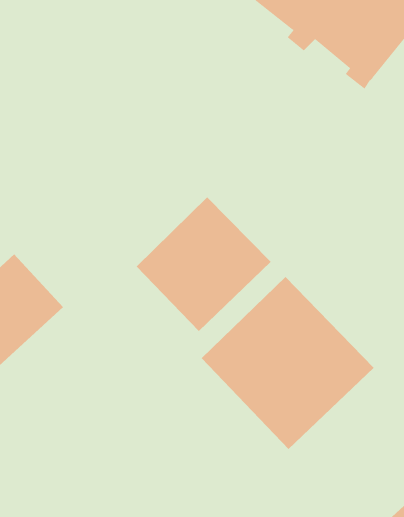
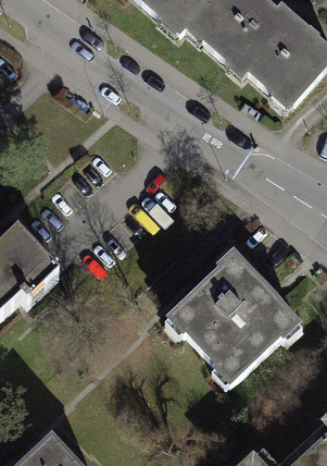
building: [136,197,272,332] -> none

